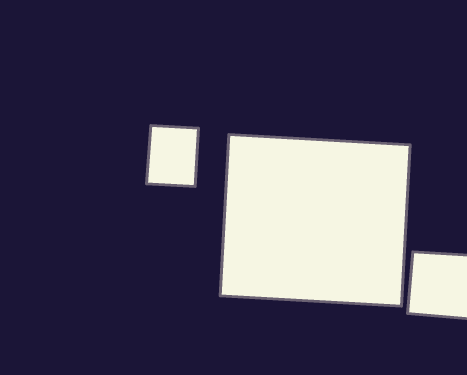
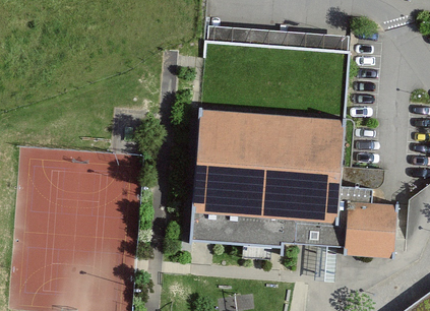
building: [147,126,198,186] -> none

